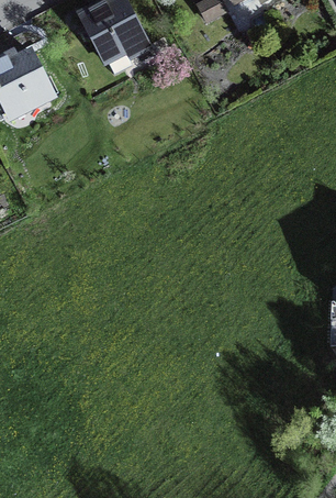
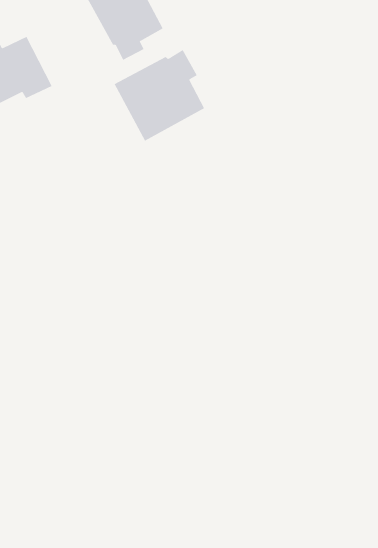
building: none -> [114,49,205,141]

